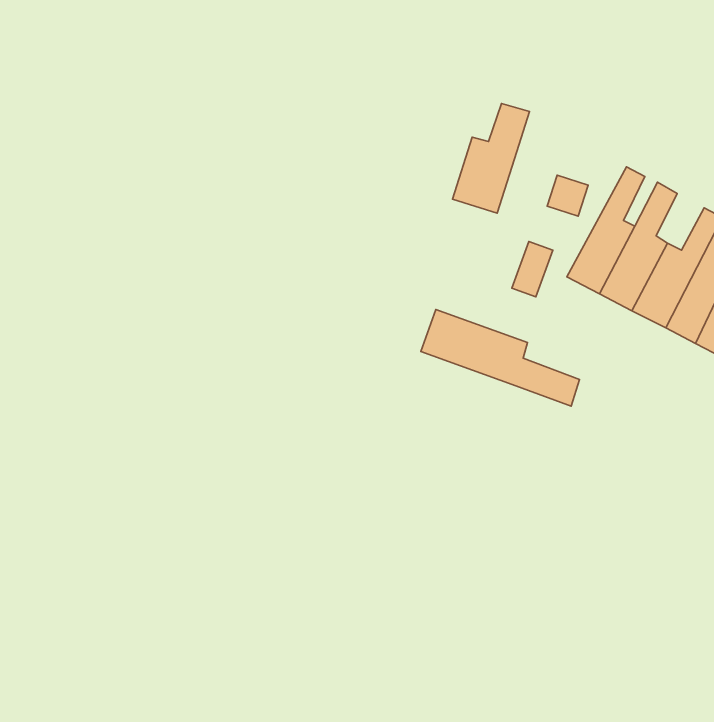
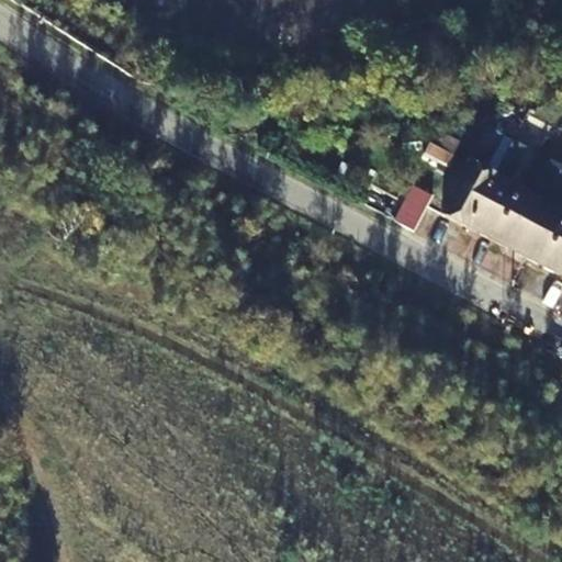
building: [453,104,529,213] -> none
building: [421,310,580,406] -> none

